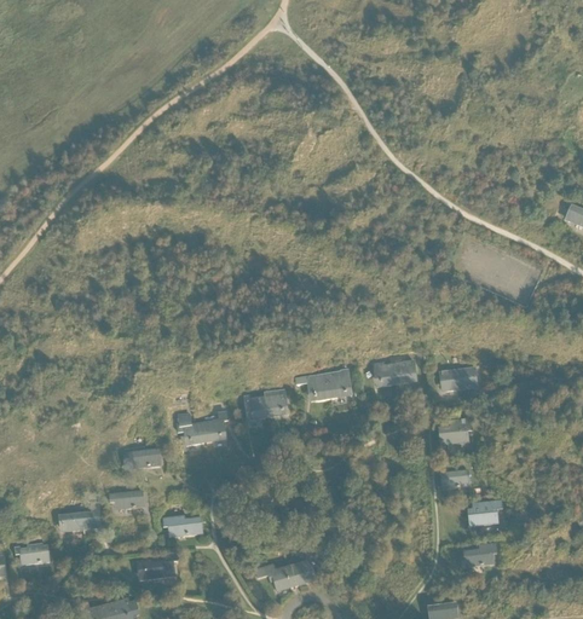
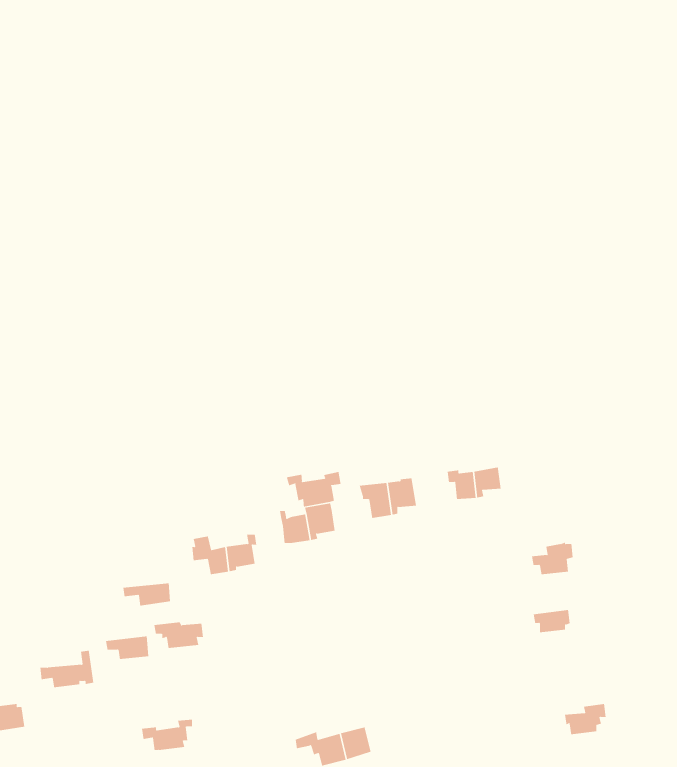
building: none -> [286,471,341,508]
building: [439,368,477,392] -> none
building: [467,502,502,526] -> none
building: [162,516,201,537] -> [154,622,204,648]

